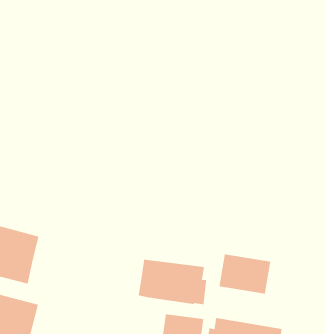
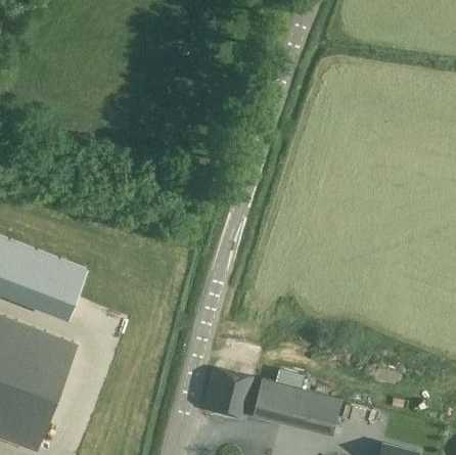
building: [218,253,271,295] -> none
building: [138,259,207,305] -> none

